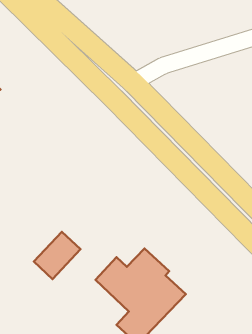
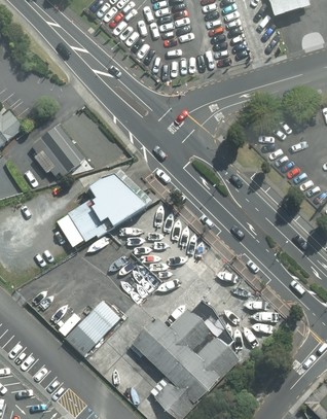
building: none -> [33,124,86,178]
building: none -> [56,172,147,247]

